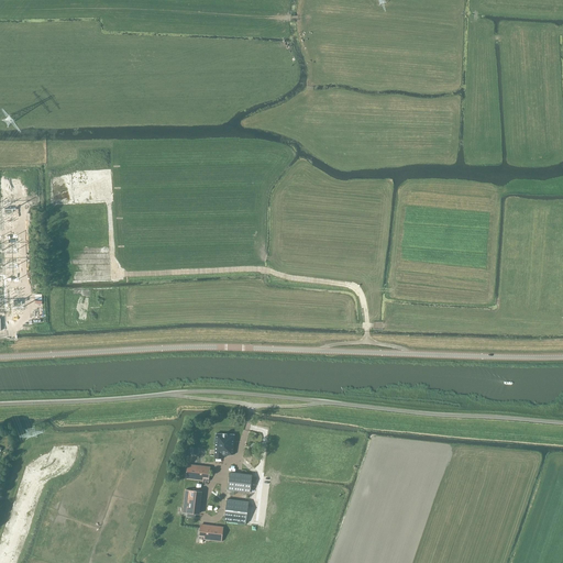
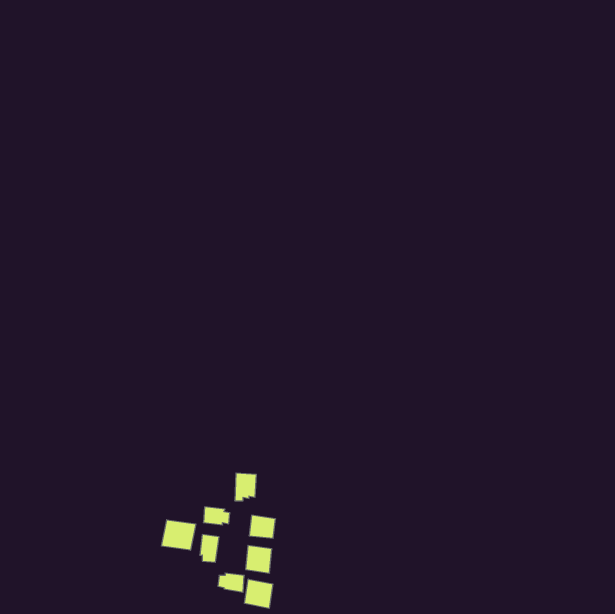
building: none -> [162,520,196,550]
building: none -> [245,579,273,608]

